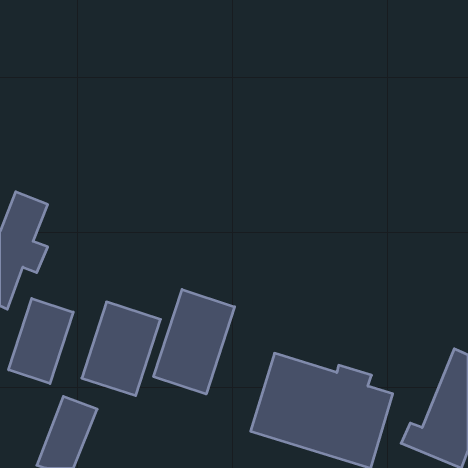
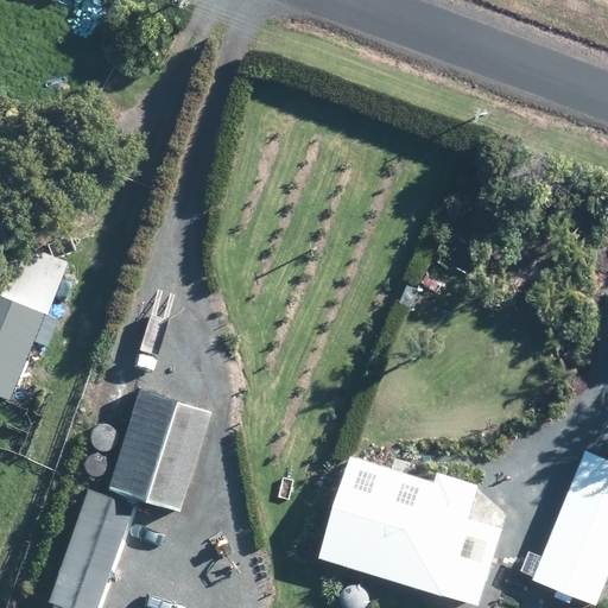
building: [154,289,235,394] -> none
building: [9,298,73,384] -> none

